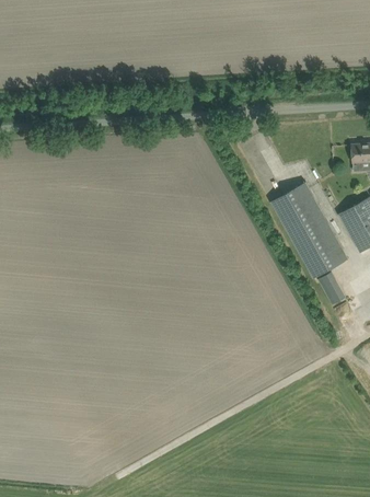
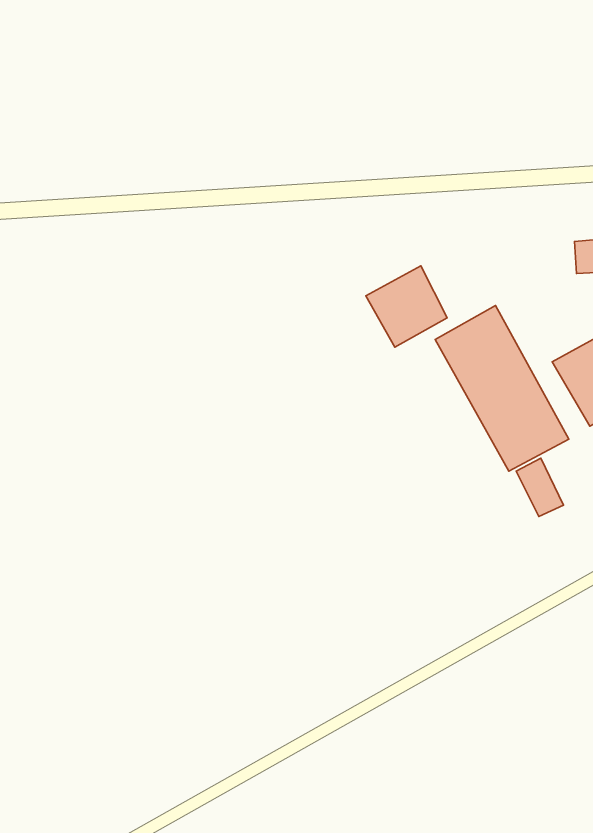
building: none -> [366,266,447,347]

